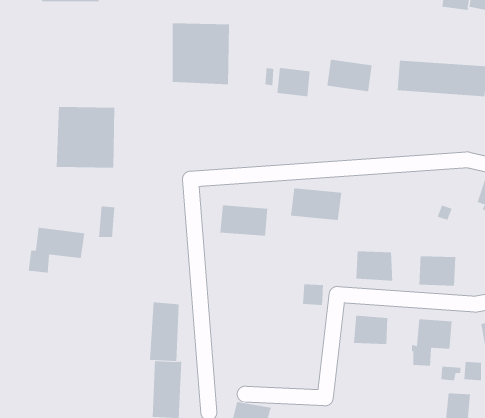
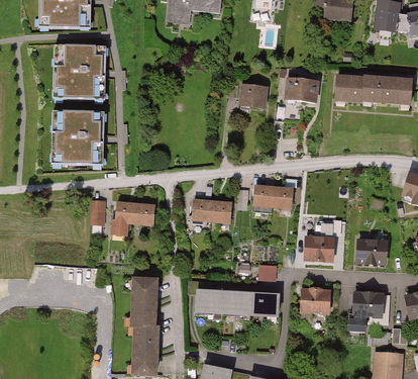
building: [172,23,230,85] -> [58,48,106,99]
building: [28,227,85,273] -> [106,198,153,236]
building: none -> [189,278,281,319]

